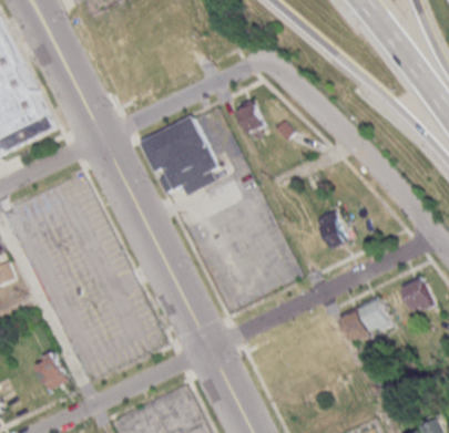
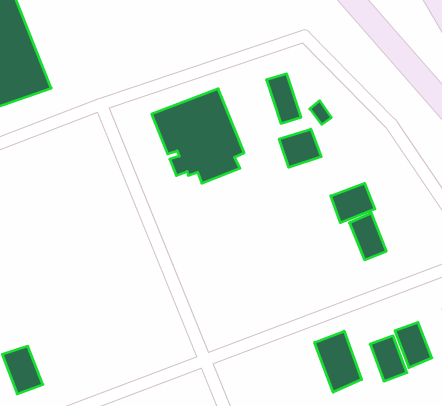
building: none -> [279,129,321,167]
building: none -> [331,183,375,223]
building: none -> [315,331,362,392]

